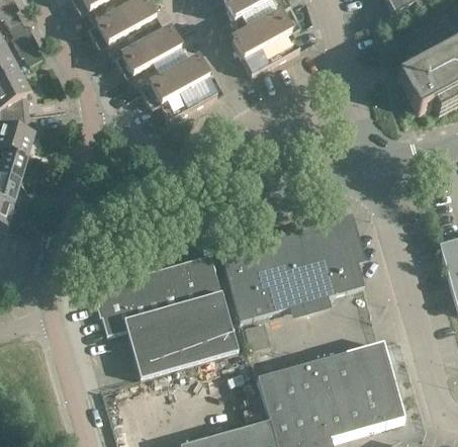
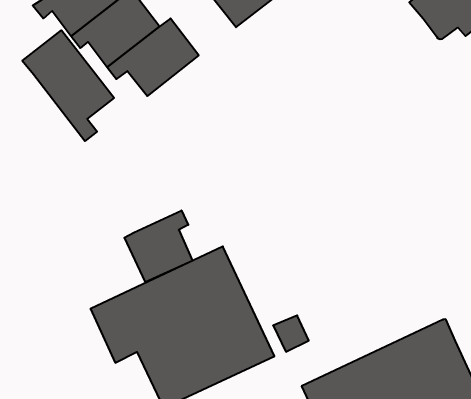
building: none -> [22,30,114,141]
building: [219,214,364,321] -> none
building: none -> [124,210,193,282]

